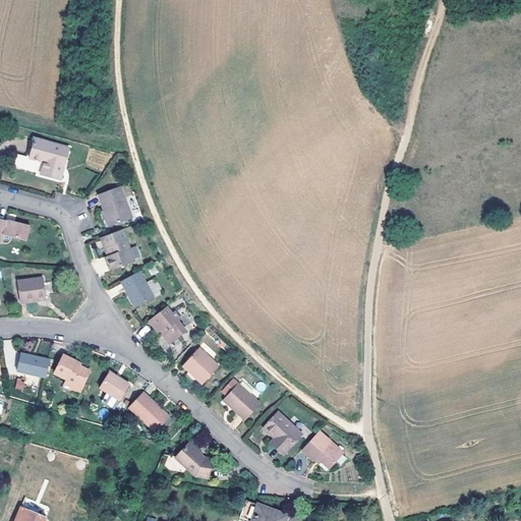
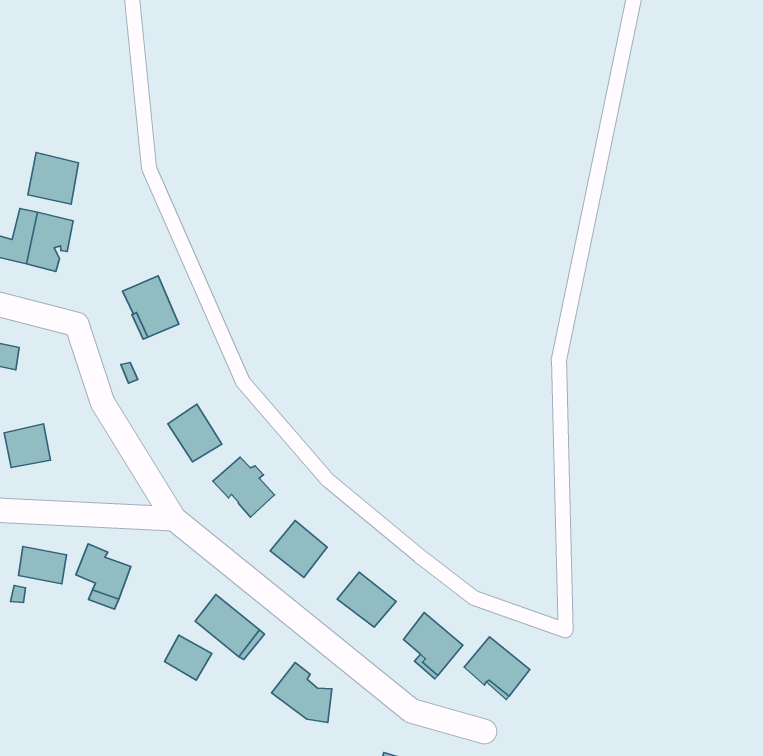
building: none -> [28,152,78,204]
building: [102,228,135,269] -> none
building: [101,370,131,400] -> [165,635,212,680]

